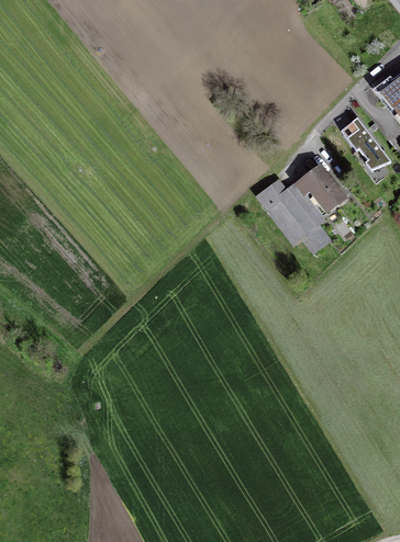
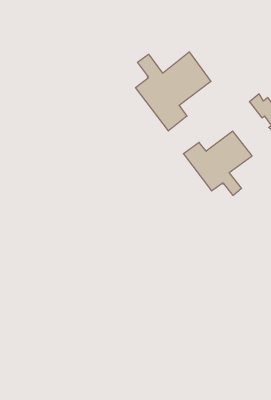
building: none -> [136,52,211,131]

